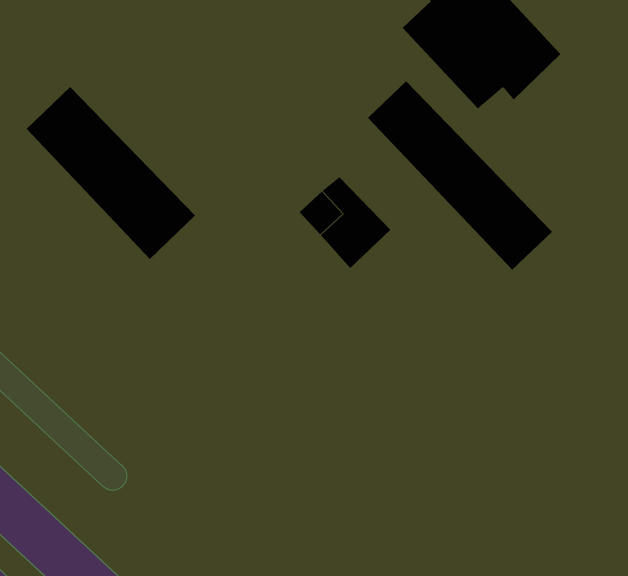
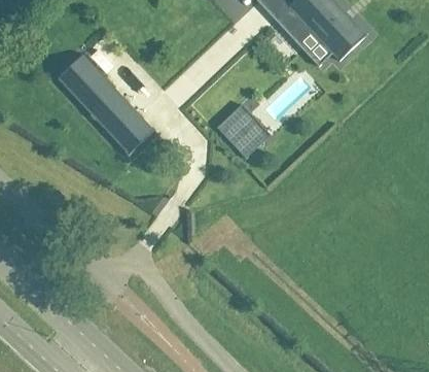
building: [367,81,553,271] -> none

